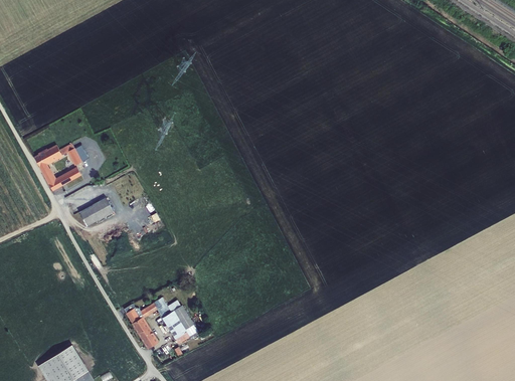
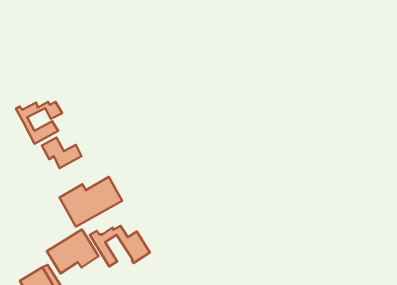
building: none -> [59,177,122,227]
building: none -> [47,230,99,273]

